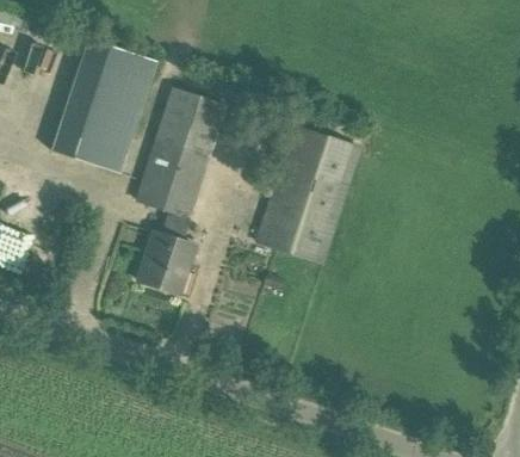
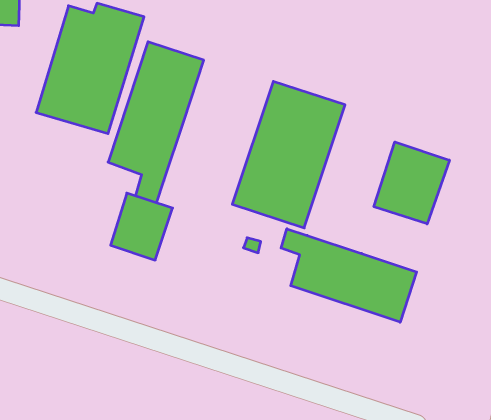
building: none -> [374,142,449,224]
building: none -> [281,229,417,322]

